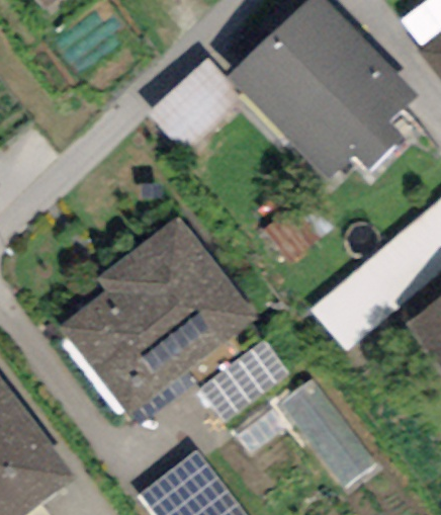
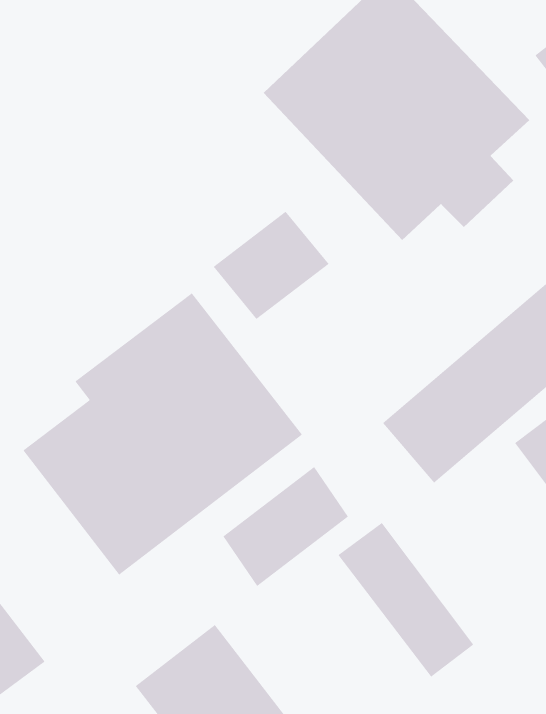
building: none -> [213,211,329,320]

